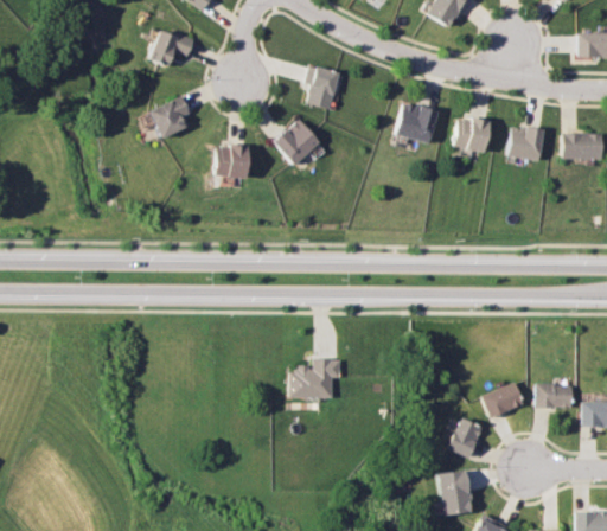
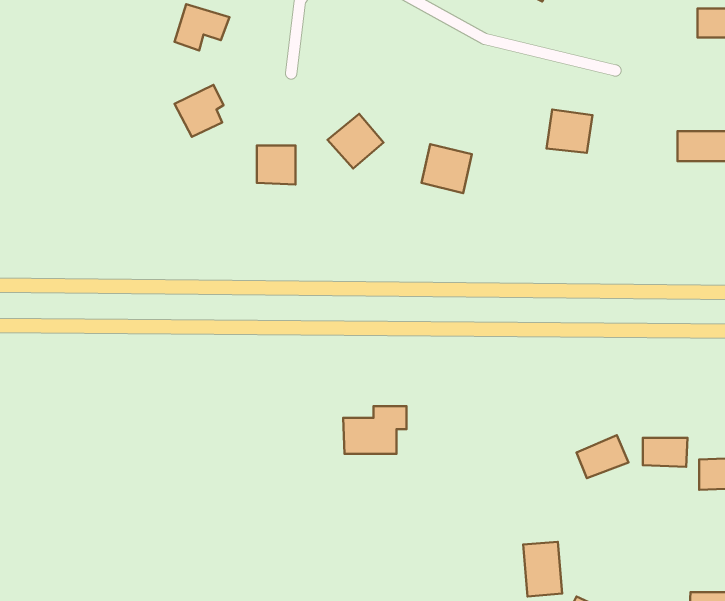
building: [305,65,341,109] -> none
building: [398,102,440,142] -> [422,144,472,193]
building: [511,127,543,156] -> none
building: [447,418,480,459] -> none

